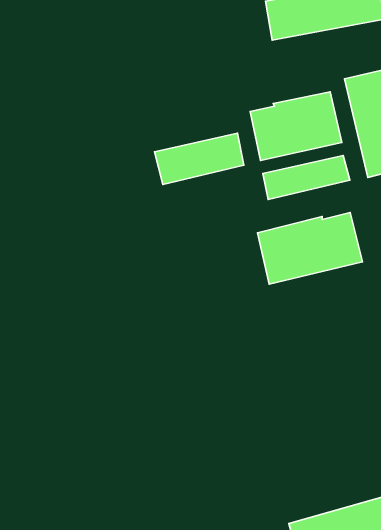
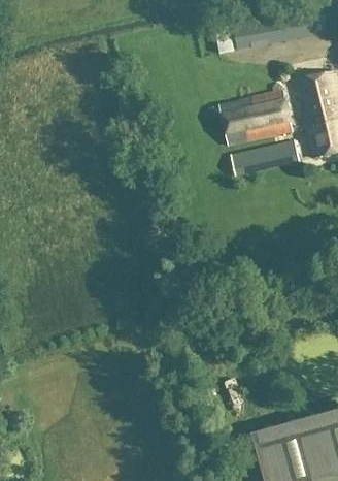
building: [154,133,244,185] -> none
building: [258,212,363,284] -> none

